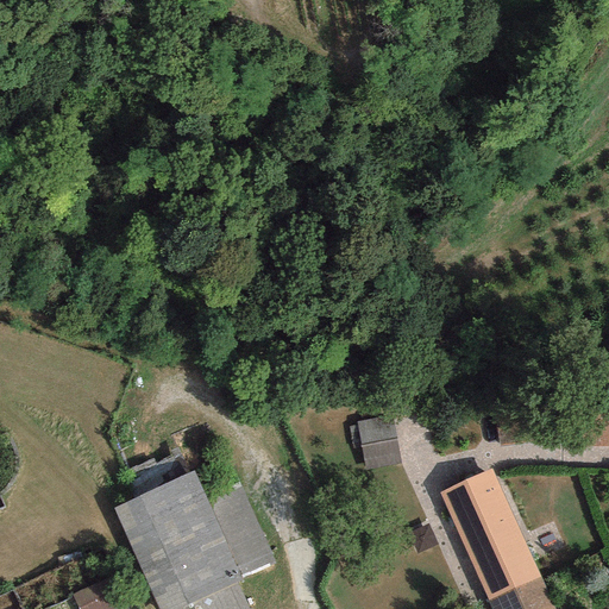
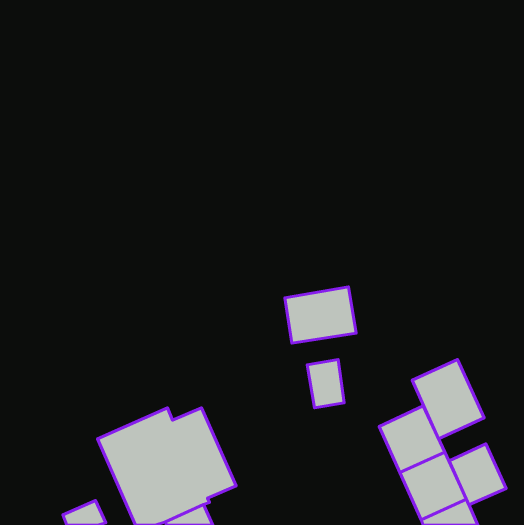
building: none -> [285,287,356,343]
building: none -> [412,359,484,439]
building: none -> [449,444,506,505]

